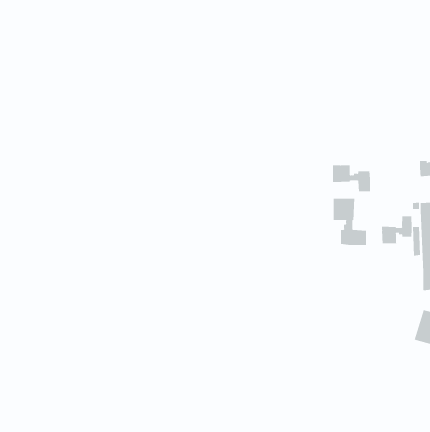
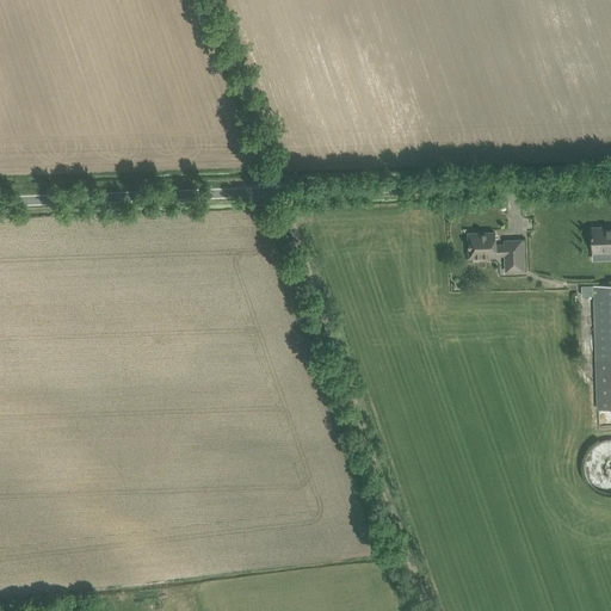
building: [333,198,366,246] -> none
building: [381,215,412,244] -> none

